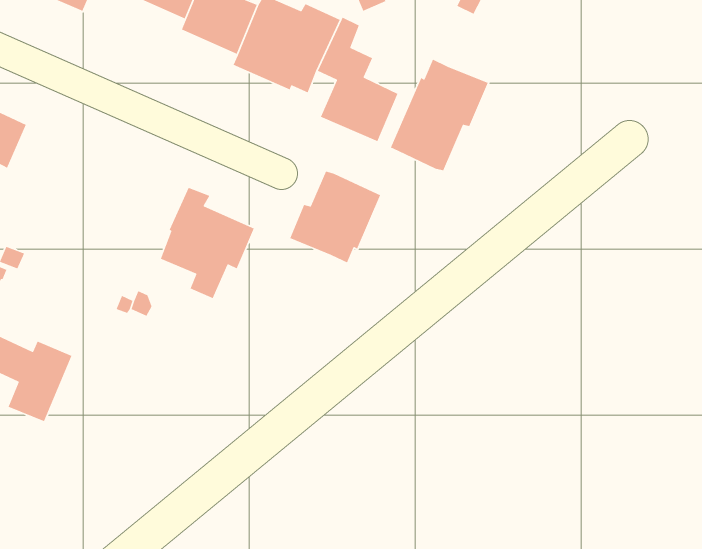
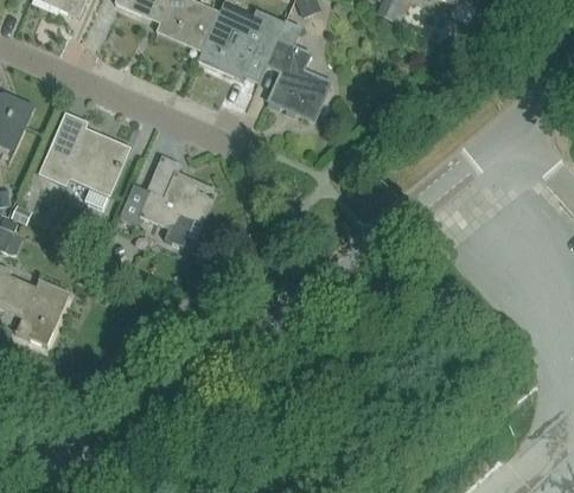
building: [390,58,489,171] -> none
building: none -> [39,114,127,206]
building: [289,171,381,264] -> none

